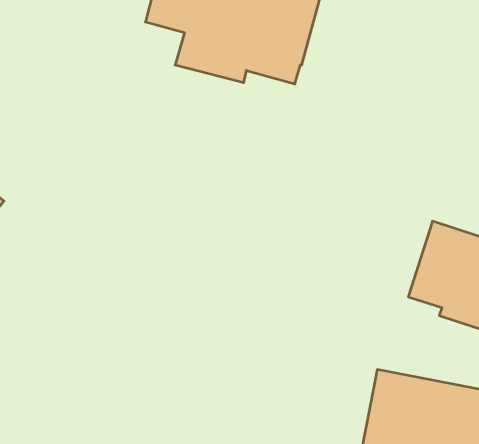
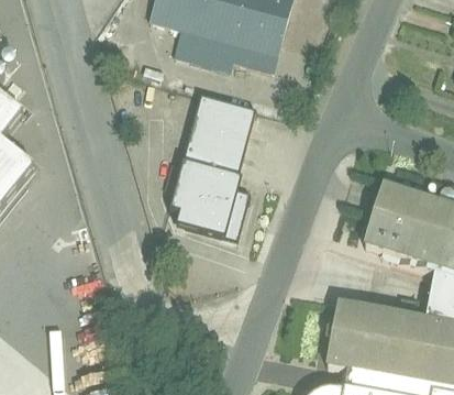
building: none -> [169,95,255,237]

